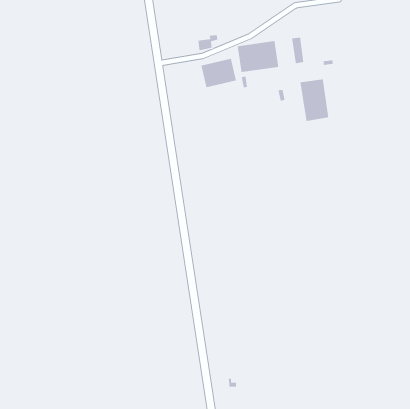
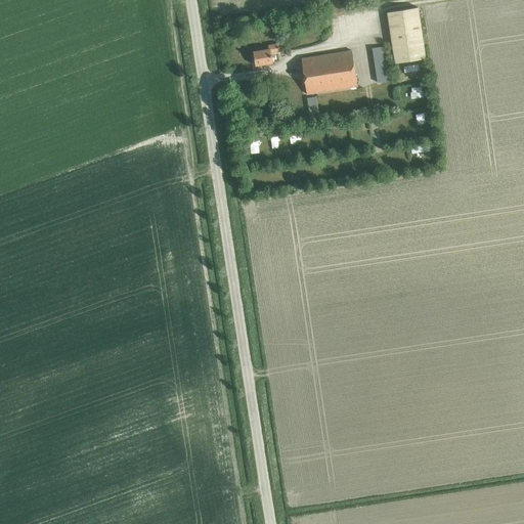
building: [200,58,237,88] -> none
building: [299,79,329,122] -> [386,7,424,62]

